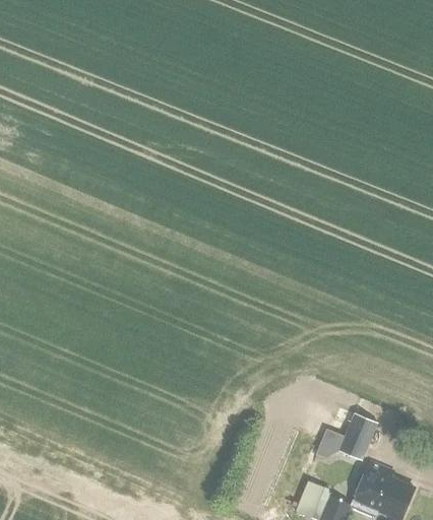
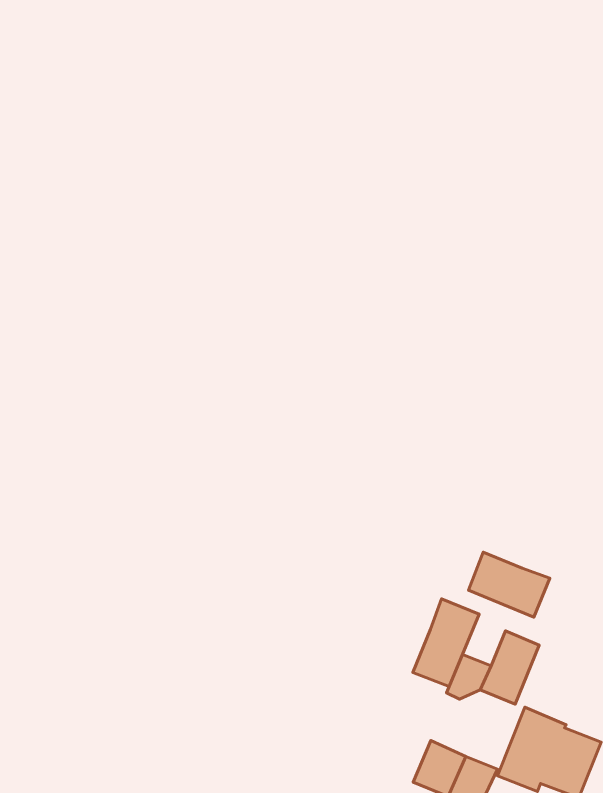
building: none -> [469,552,550,617]
building: none -> [413,599,479,687]

